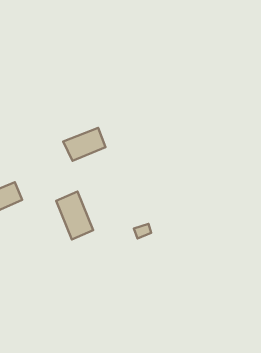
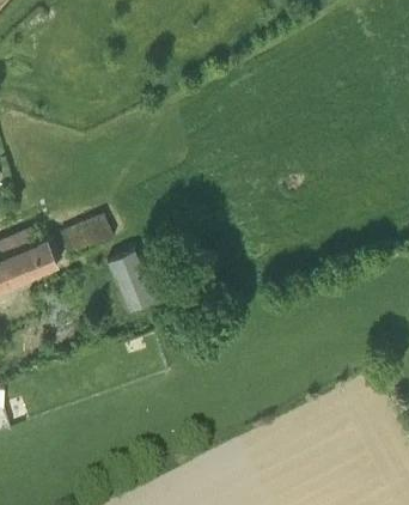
building: [63,128,106,161] -> [57,214,112,257]

